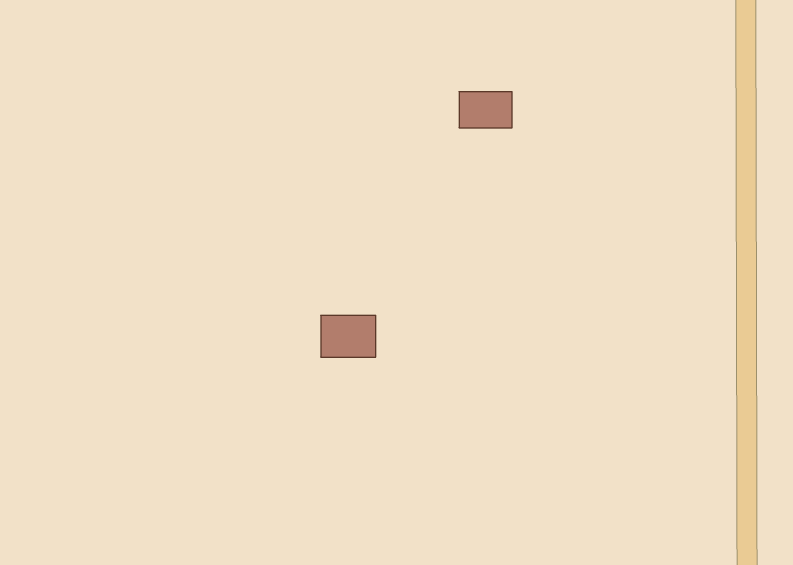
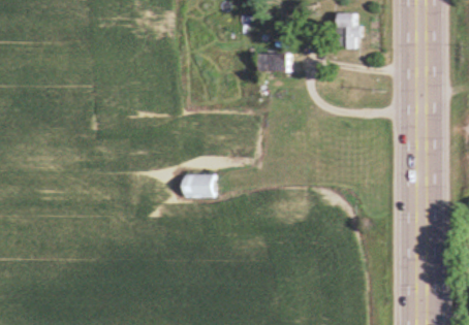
building: none -> [337,11,359,47]

